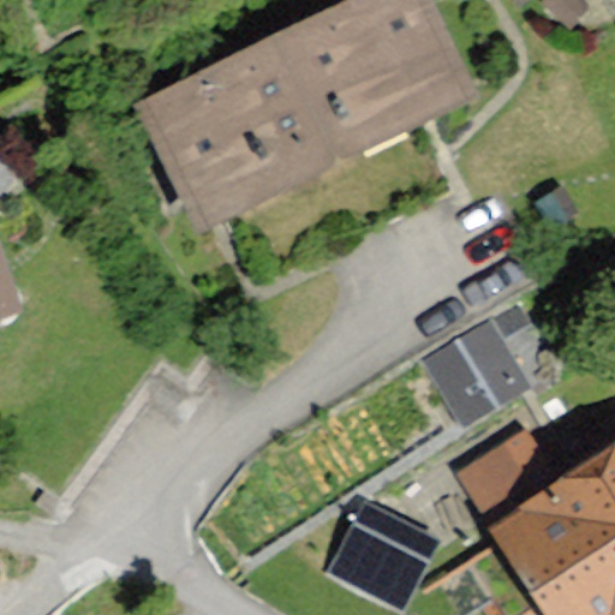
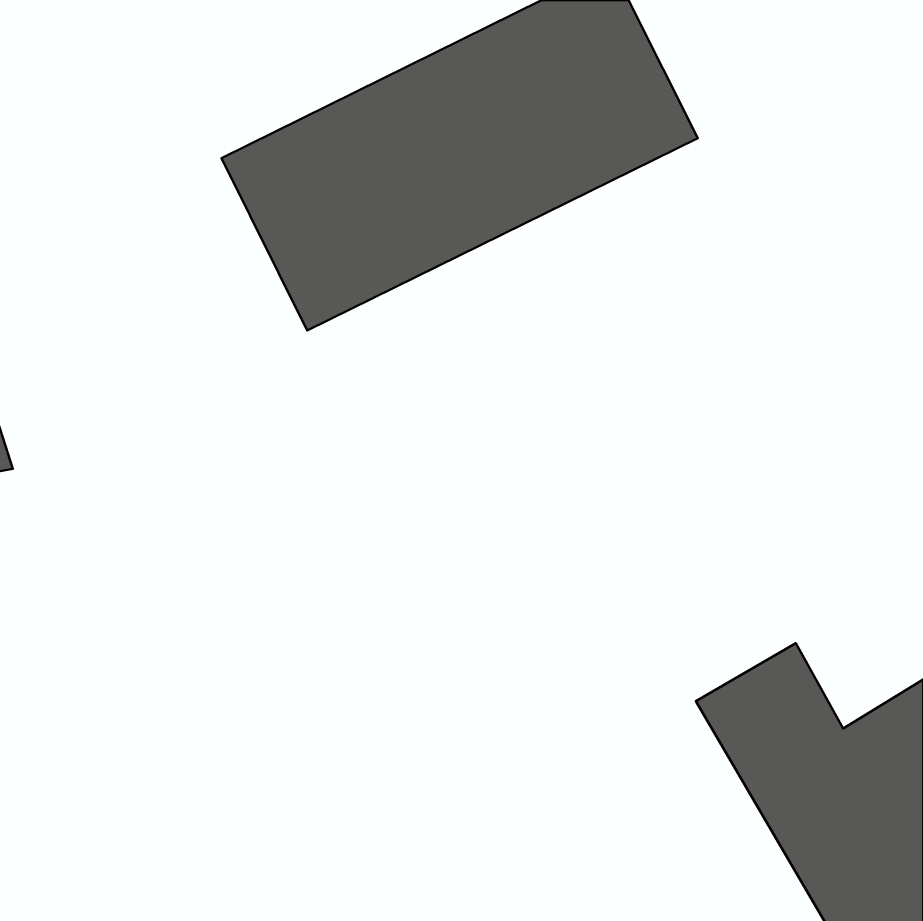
building: [419,315,531,425] -> none
building: [328,523,428,608] -> none

